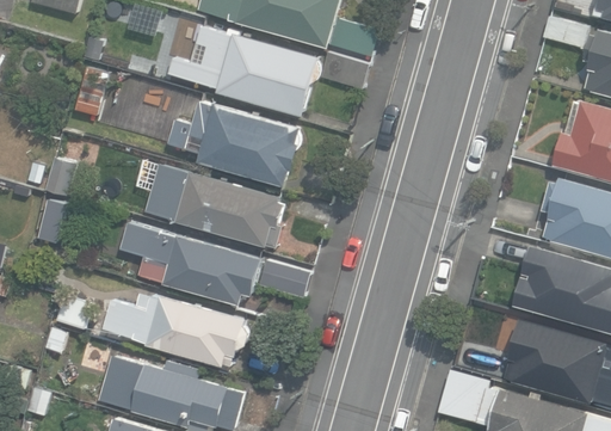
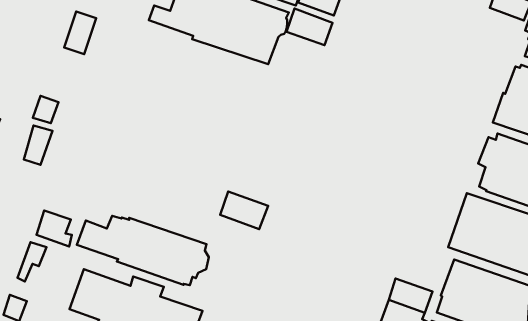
building: [166,100,300,187] -> none
building: [135,159,283,247] -> none
building: [117,220,263,306] -> none

